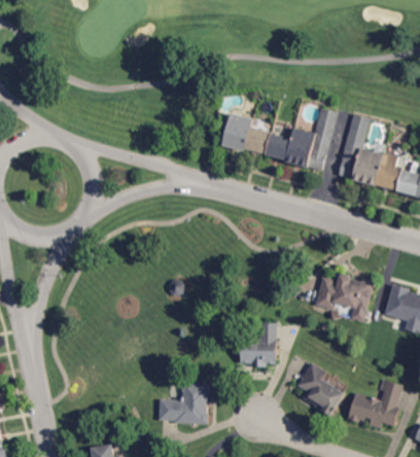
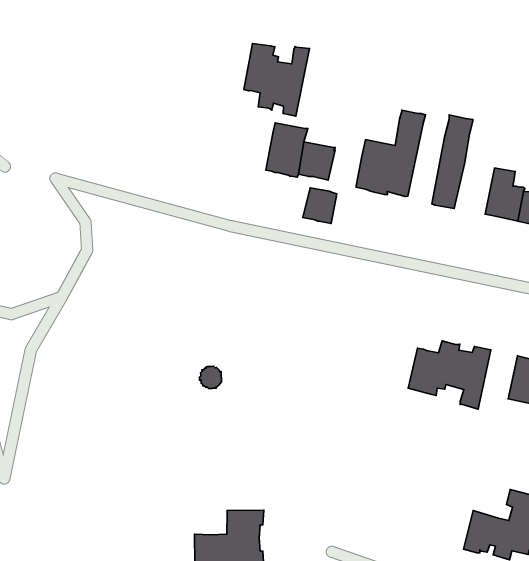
building: none -> [244,44,309,116]
building: [266,134,290,160] -> [303,188,337,223]
building: [353,147,383,184] -> none
building: [240,323,277,366] -> none
building: [296,362,344,416] -> none

